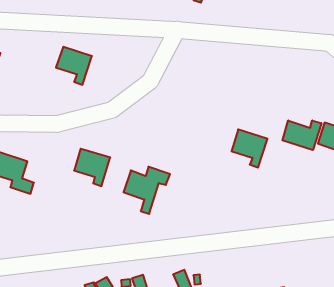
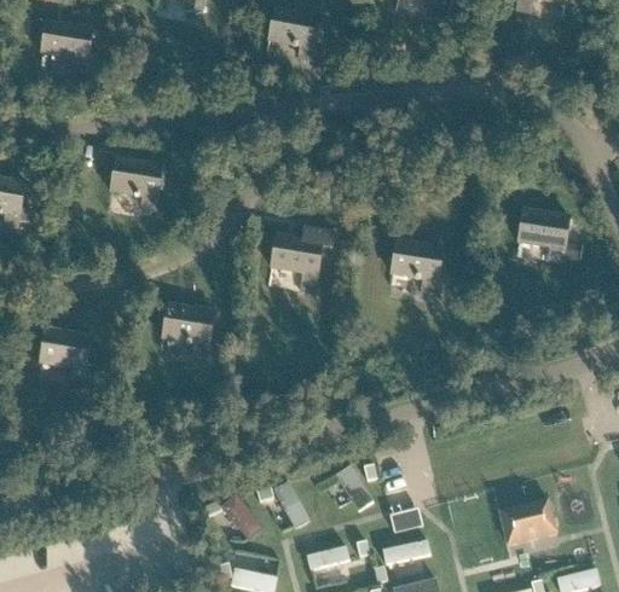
building: [282,120,321,150] -> none
building: [123,167,170,214] -> [271,226,336,296]

